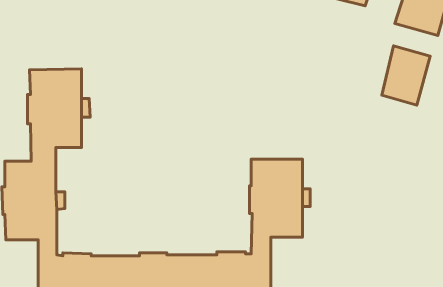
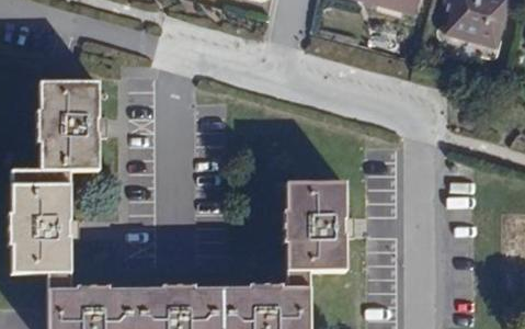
building: [382,46,430,105] -> none

